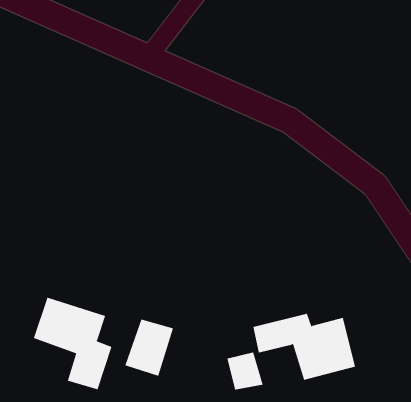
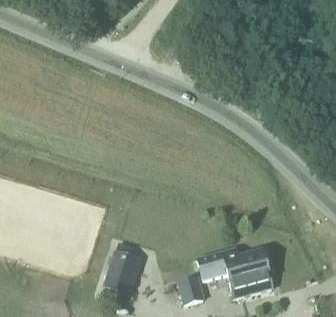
building: [33,297,112,390] -> none

